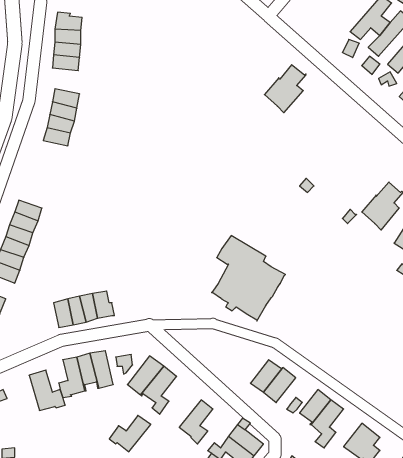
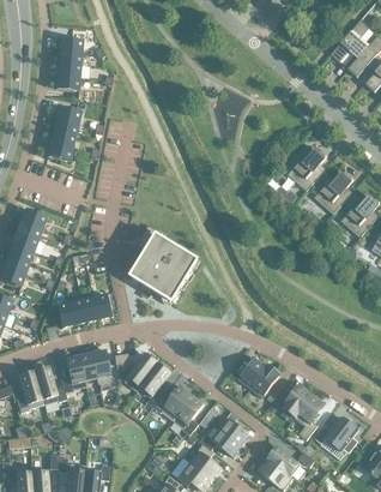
building: [264,65,306,113] -> [288,145,326,190]
building: none -> [314,169,352,212]
building: [212,236,285,321] -> [131,223,199,302]
building: none -> [17,371,43,412]
building: [109,415,151,452] -> [155,385,193,419]

